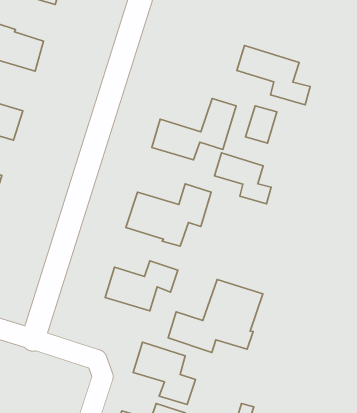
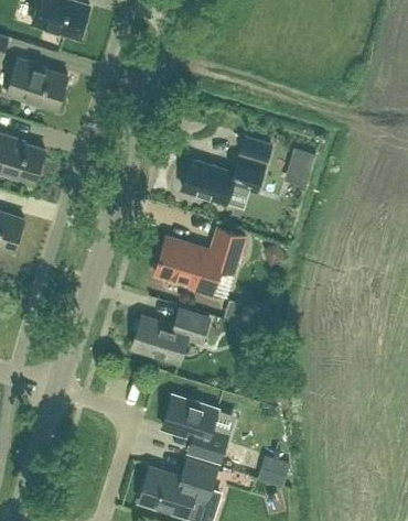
building: [237,46,310,105] -> none
building: [215,153,271,204] -> none
building: [168,279,263,352] -> none

